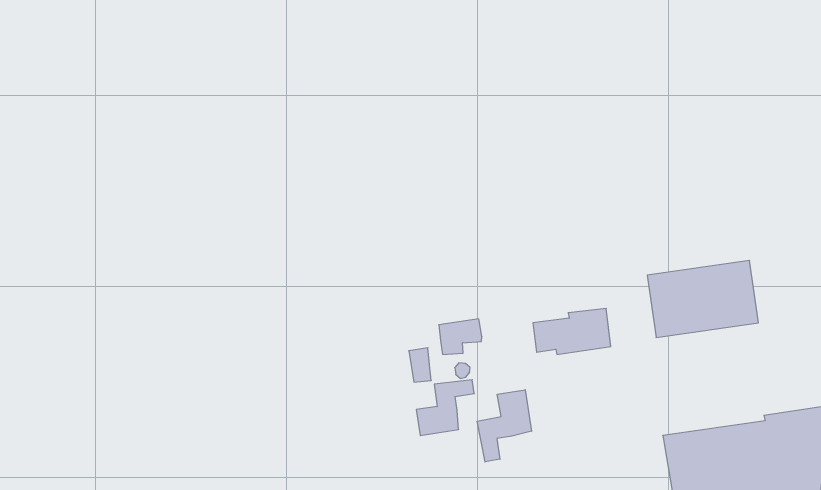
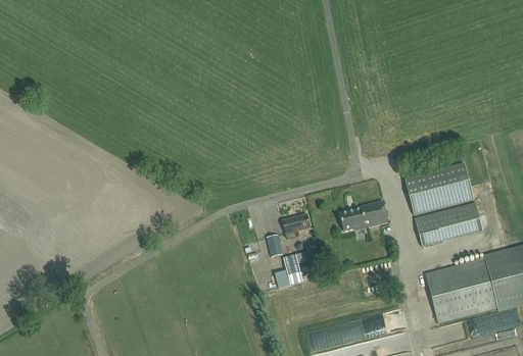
building: none -> [415,202,483,247]
building: [477,390,532,462] -> none

